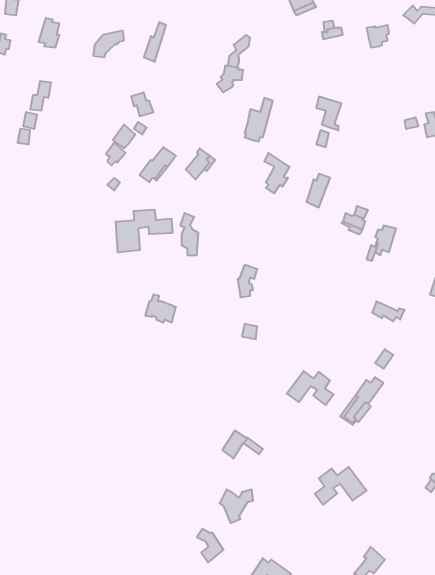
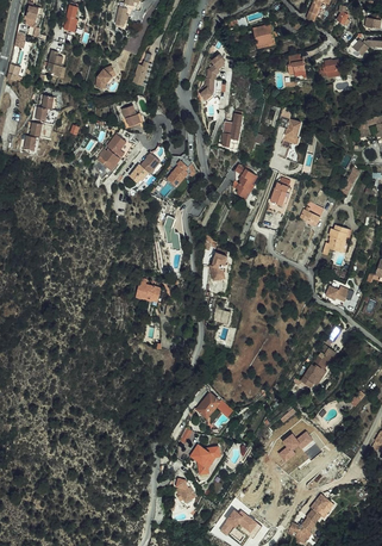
building: [116,210,172,252] -> none
building: [287,371,334,405] -> none

